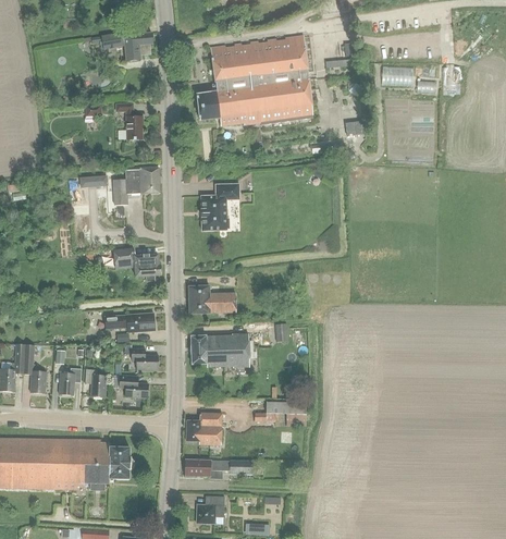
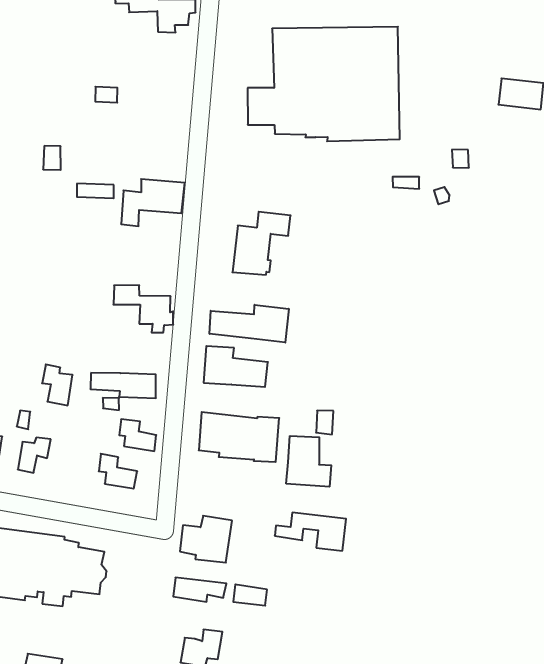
building: [115,103,141,139] -> none
building: none -> [210,305,289,343]
building: none -> [286,436,331,487]
building: [84,368,106,396] -> [42,364,73,405]

